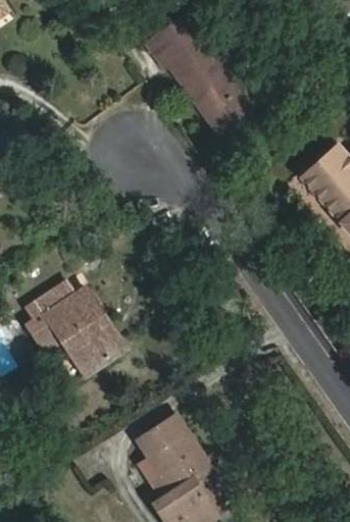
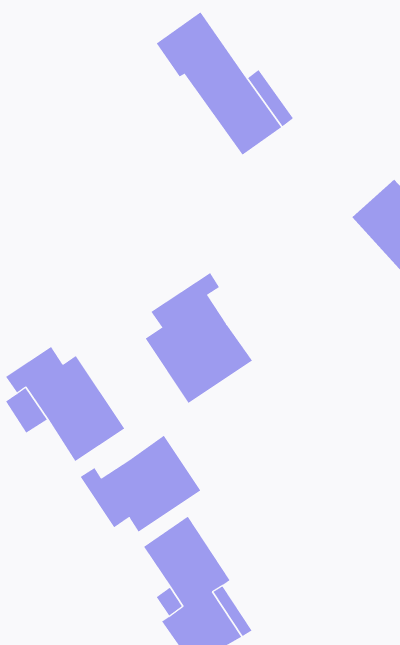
building: none -> [145,272,253,404]
building: none -> [80,435,201,533]

